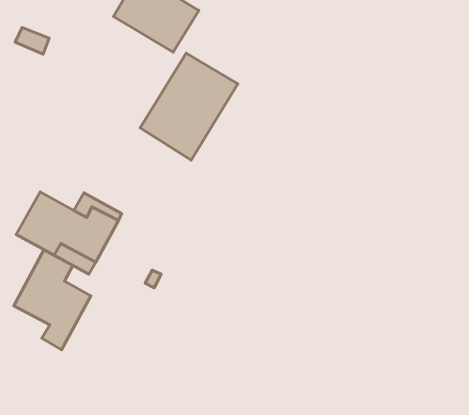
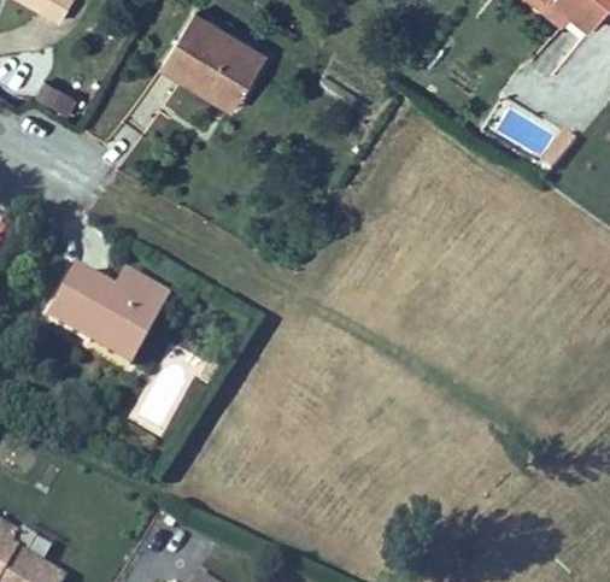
building: [140,53,238,160] -> none
building: [14,250,91,350] -> none

